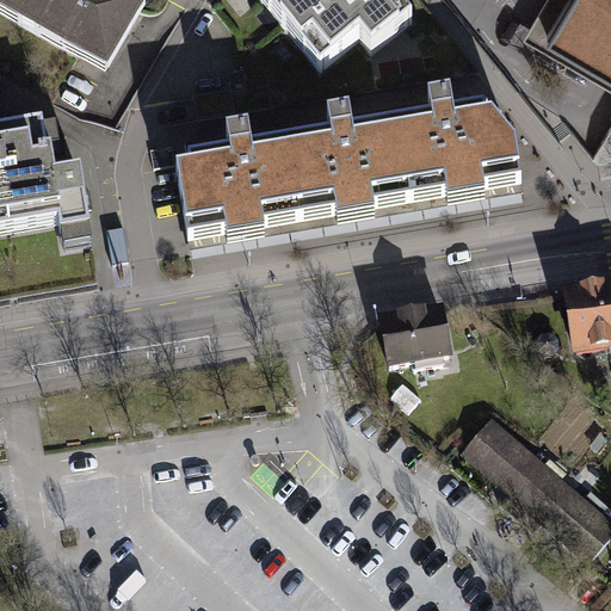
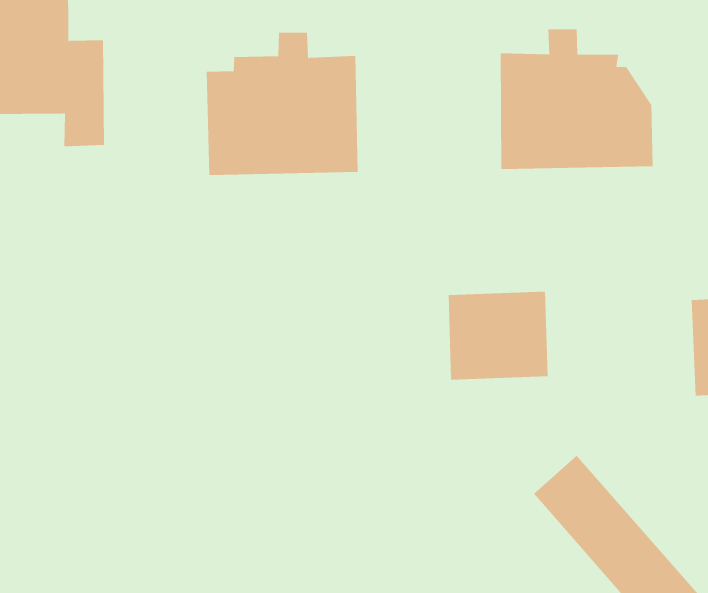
building: [277,109,400,227] -> none

